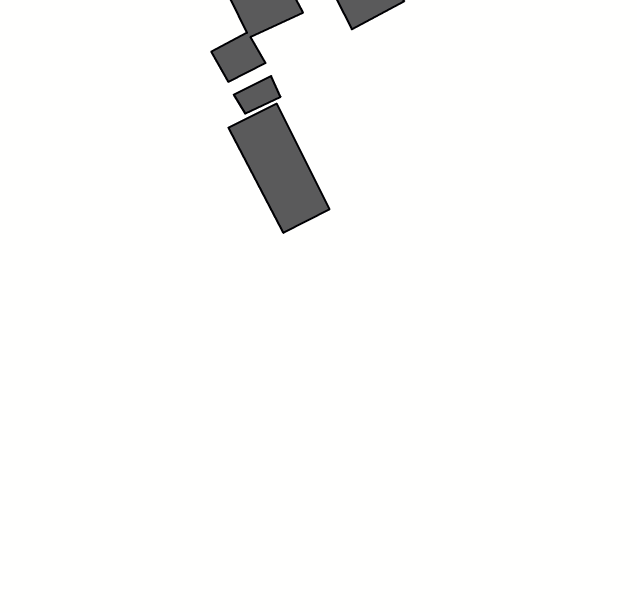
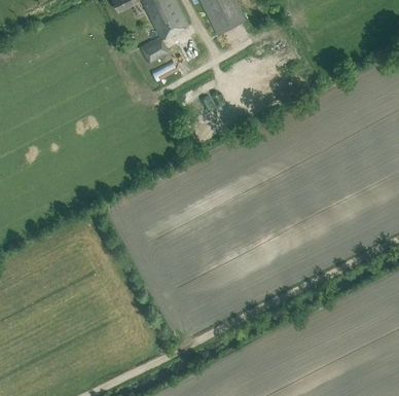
building: [228,104,329,233] -> none

